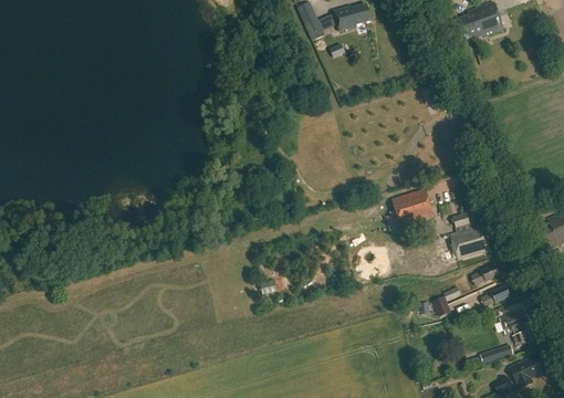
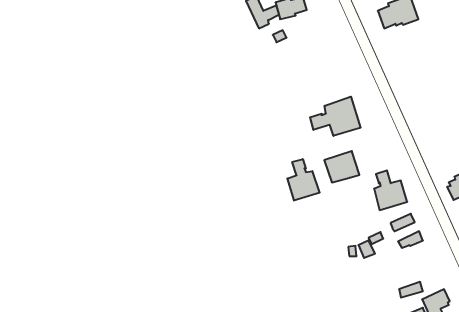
building: none -> [310,97,361,136]
building: none -> [287,159,320,201]
building: [502,310,532,346] -> none

